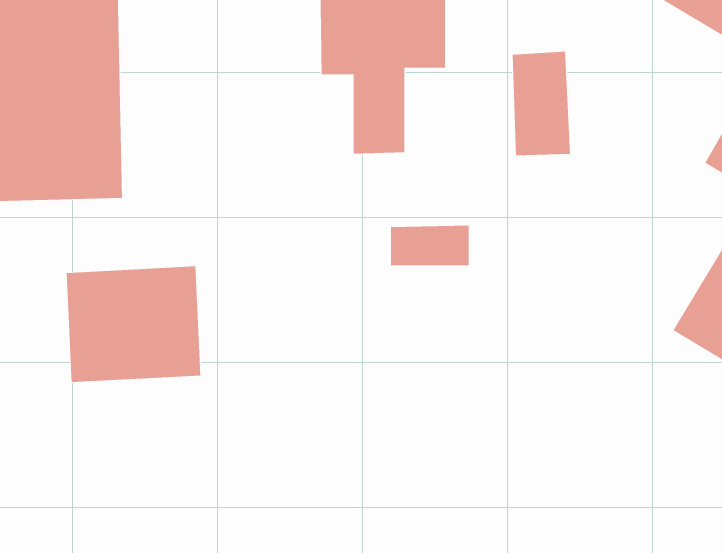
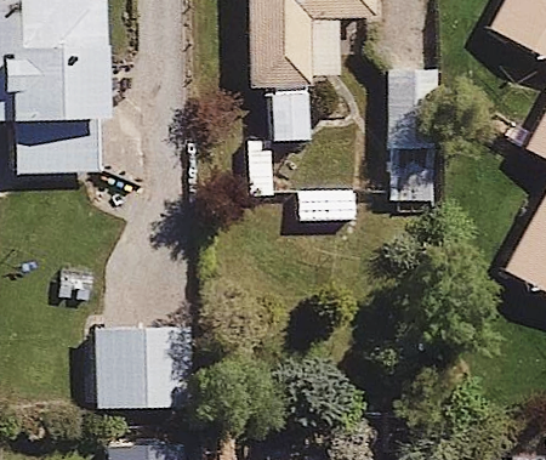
building: [66,266,201,383] -> [96,325,193,409]

